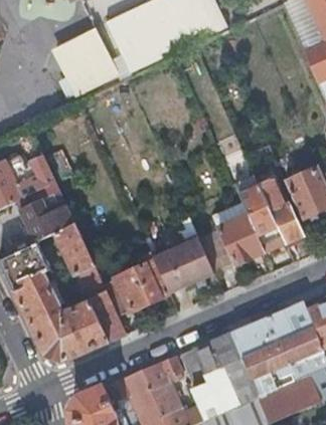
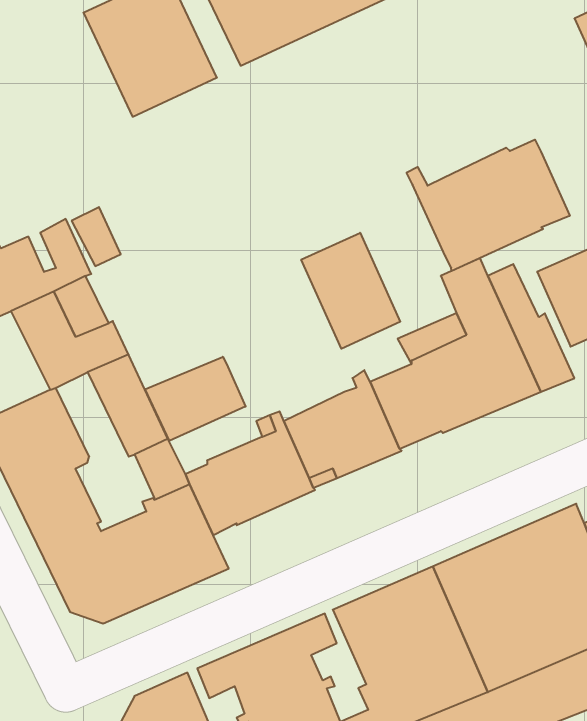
building: none -> [407,140,570,271]
building: none -> [301,233,400,349]
building: none -> [145,357,246,441]

